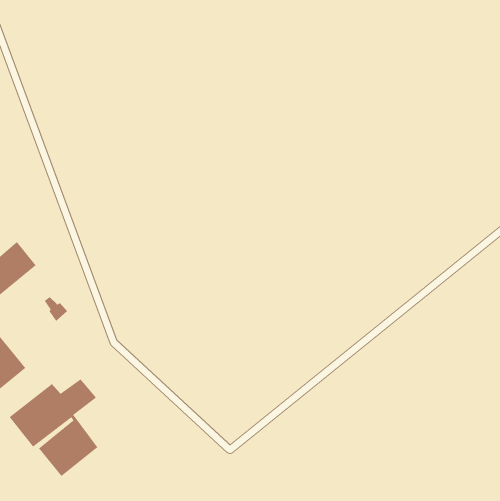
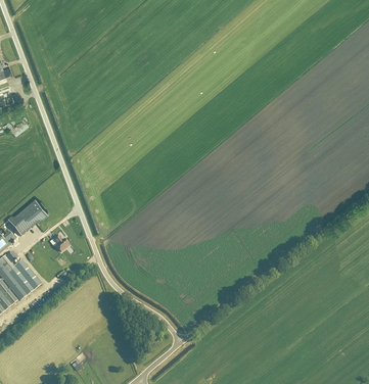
building: [9,378,98,477] -> none

